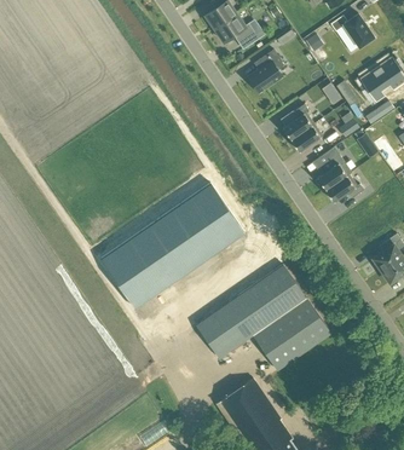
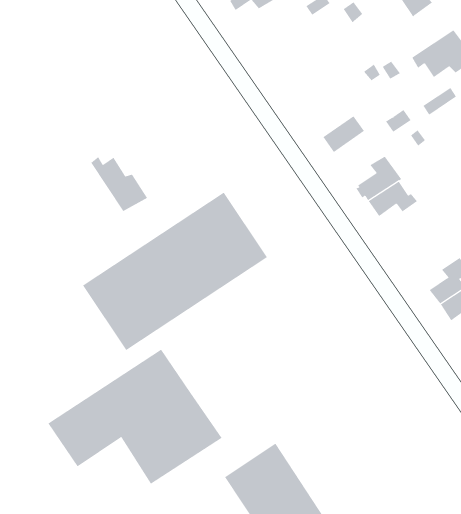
building: [247,48,283,92] -> none
building: [281,103,313,139] -> none
building: none -> [91,156,148,212]
building: [195,266,330,371] -> [48,349,222,484]

